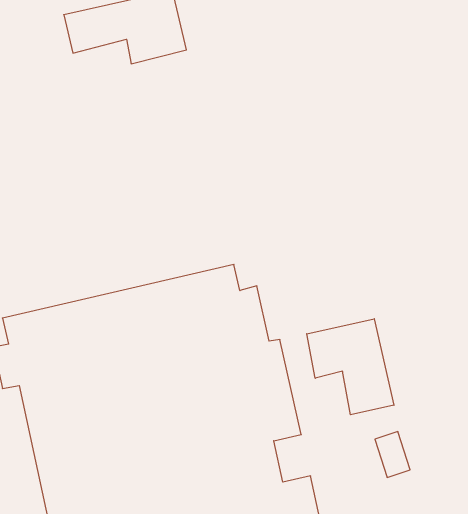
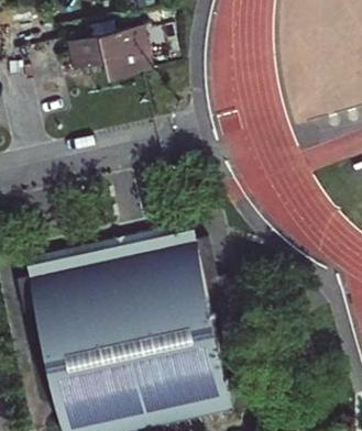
building: [307,319,394,415] -> none

